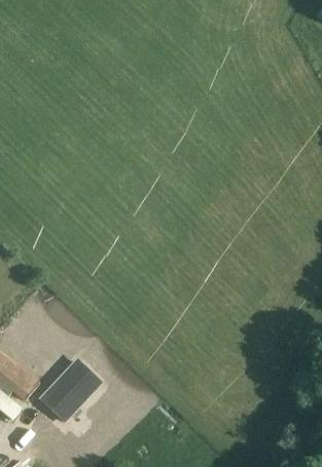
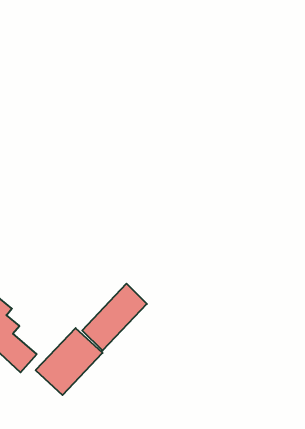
building: none -> [82,284,147,351]

